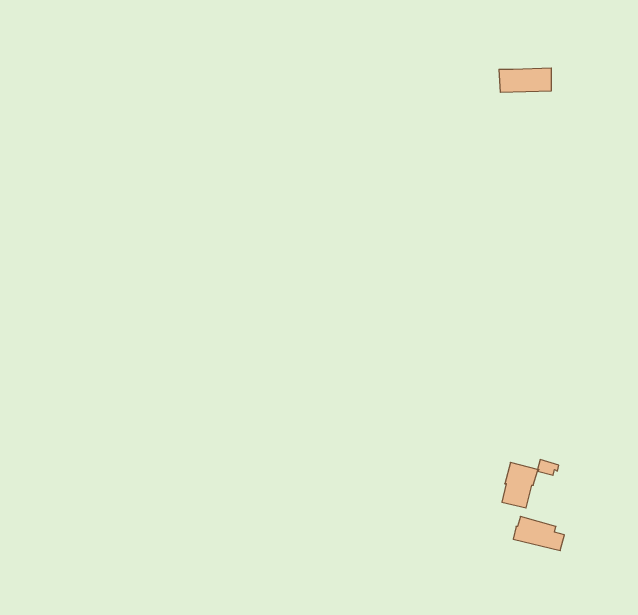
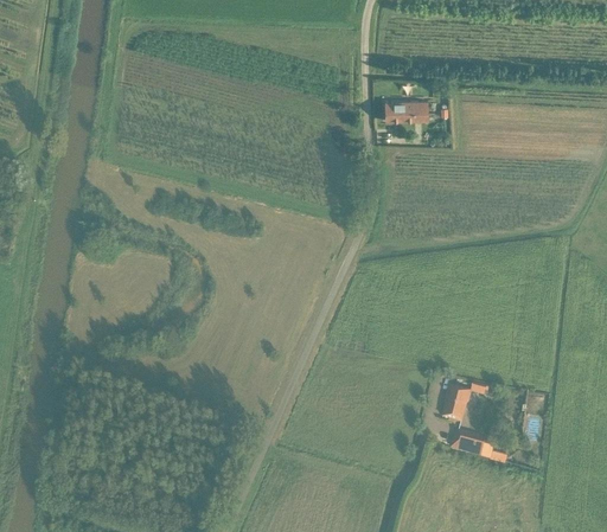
building: [499,68,551,92] -> [384,100,428,120]

